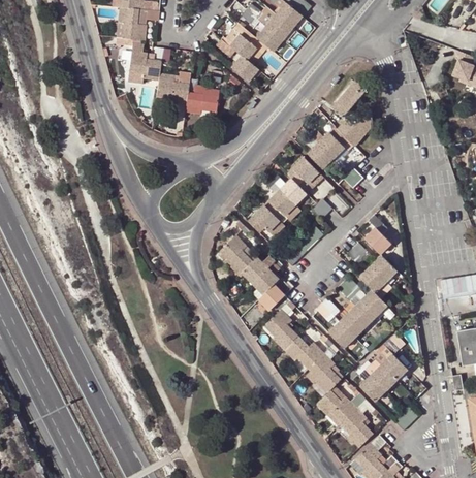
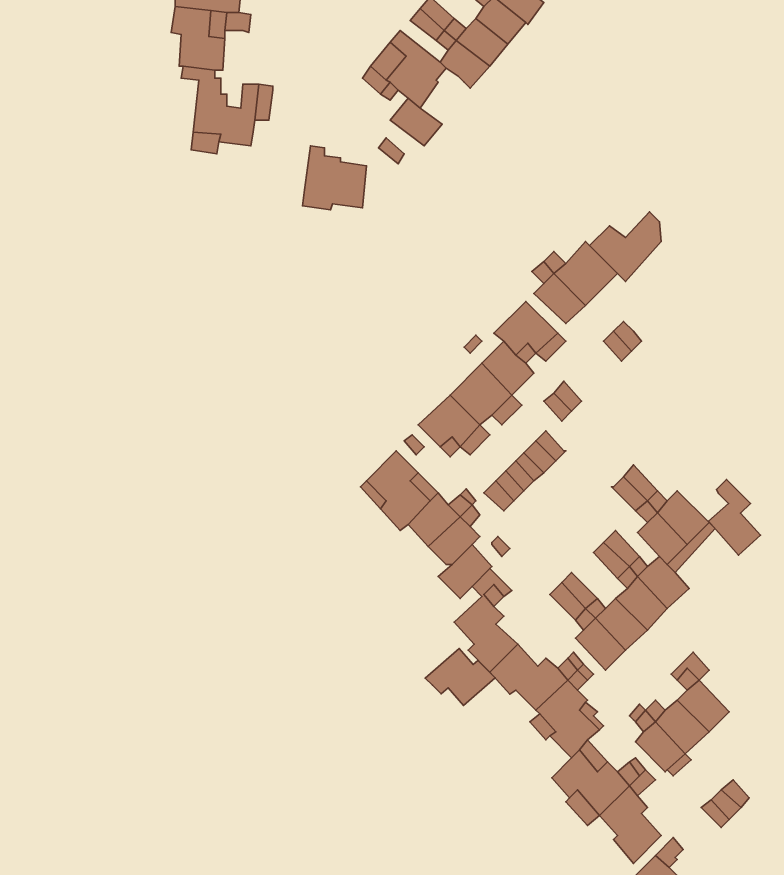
building: [158,69,192,100] -> none
building: [331,82,368,118] -> none
building: [364,216,391,255] -> [709,479,760,555]
building: none -> [425,649,495,705]

